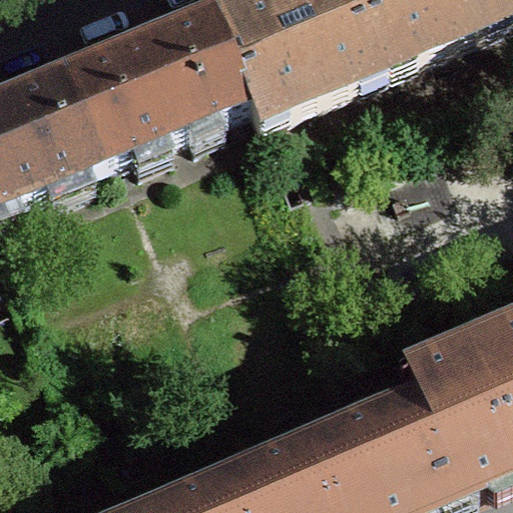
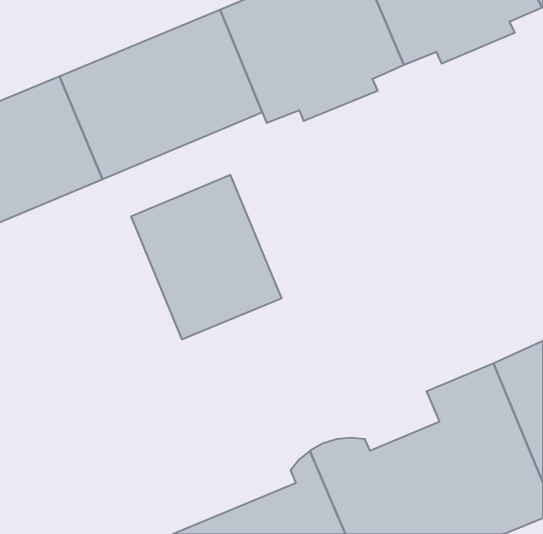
building: none -> [131,175,282,339]

